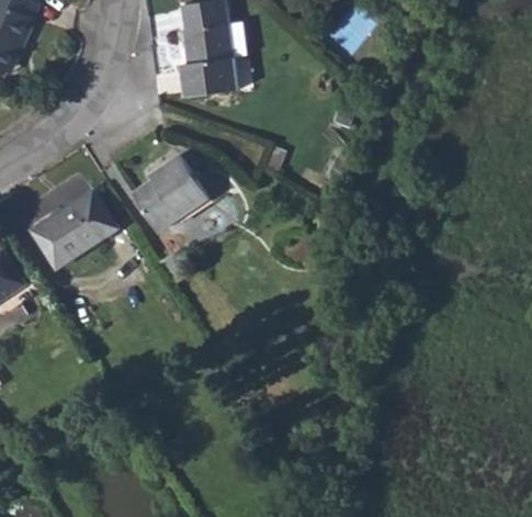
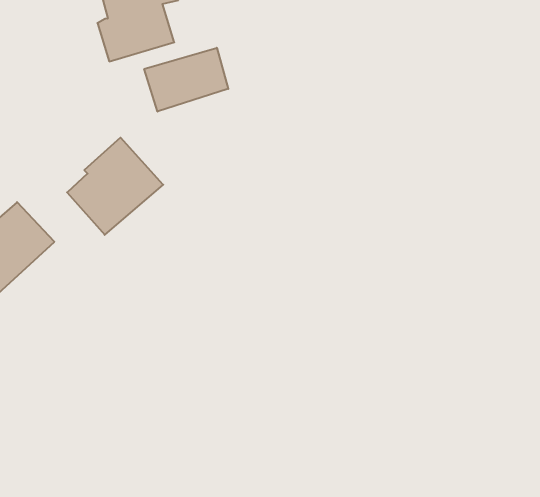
building: none -> [144,48,228,112]

